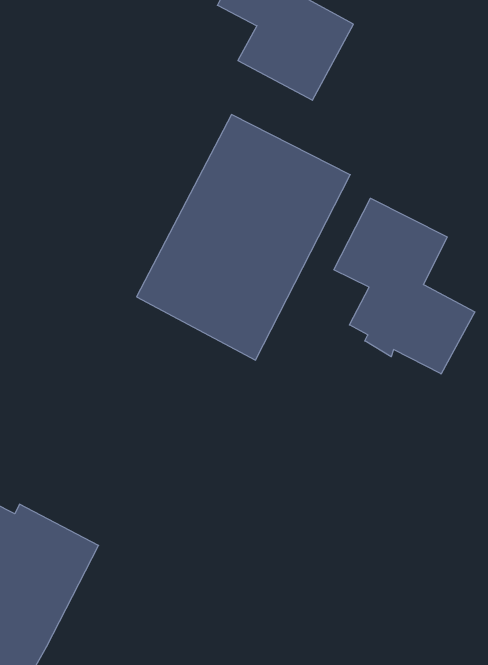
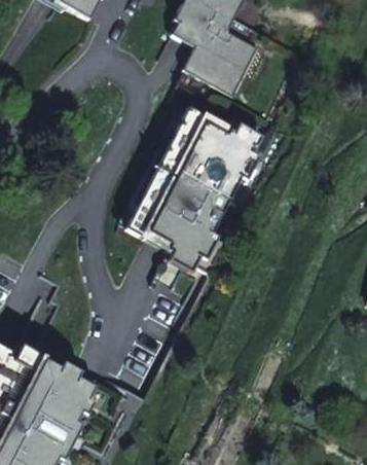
building: [334,198,475,374] -> none

